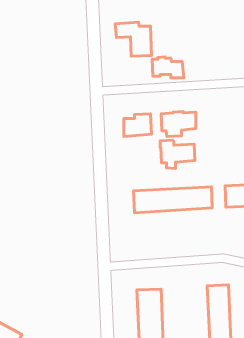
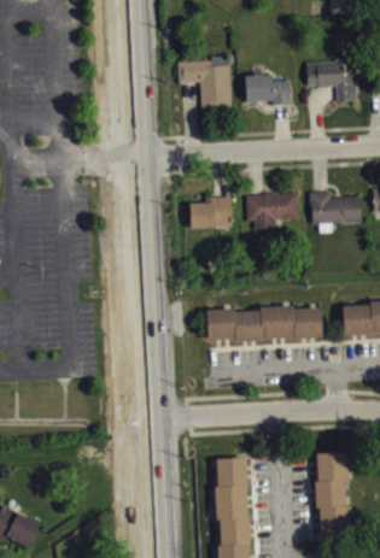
building: none -> [306,59,352,88]
building: [152,57,184,78] -> [245,74,292,105]
building: [160,140,195,169] -> [310,192,362,234]

